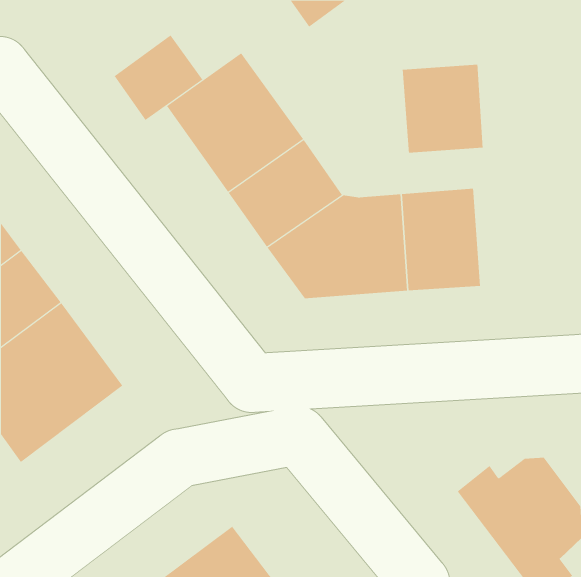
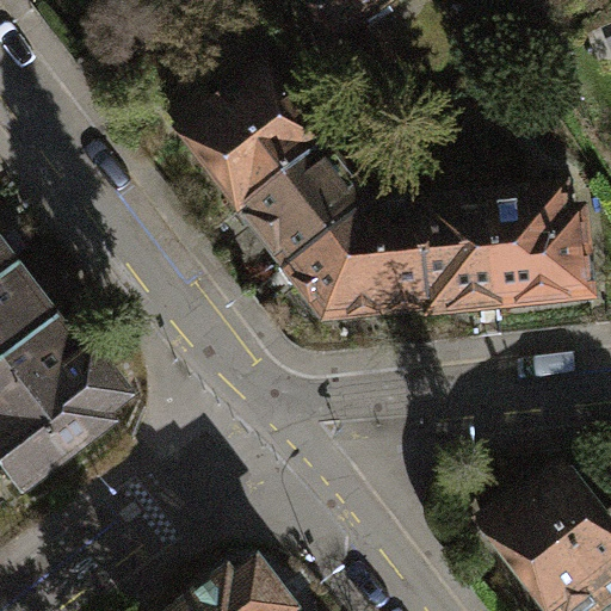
building: [114,35,203,121] -> none
building: [402,64,483,153] -> none
building: none -> [498,198,585,306]

